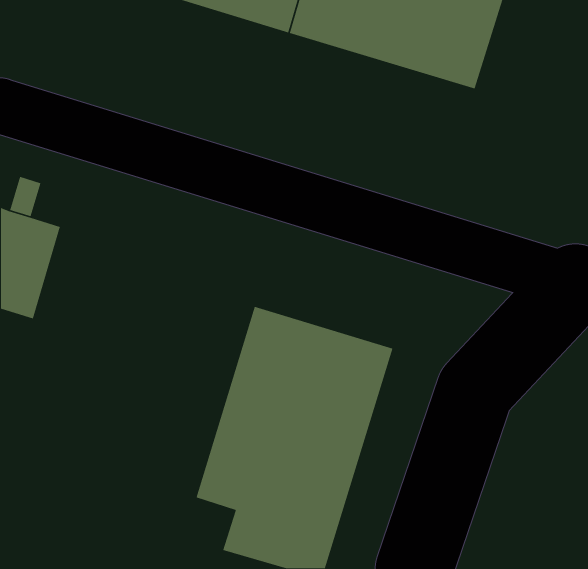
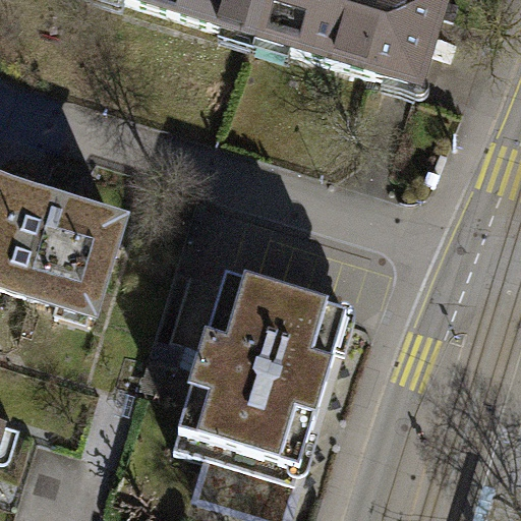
building: none -> [30,200,116,301]

